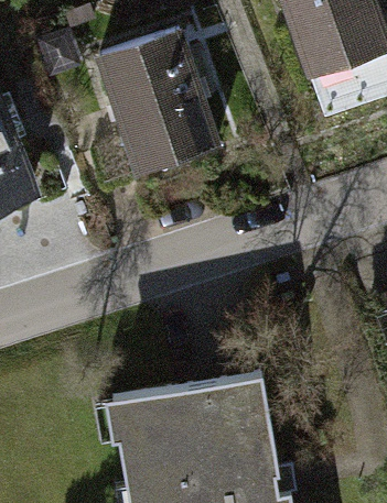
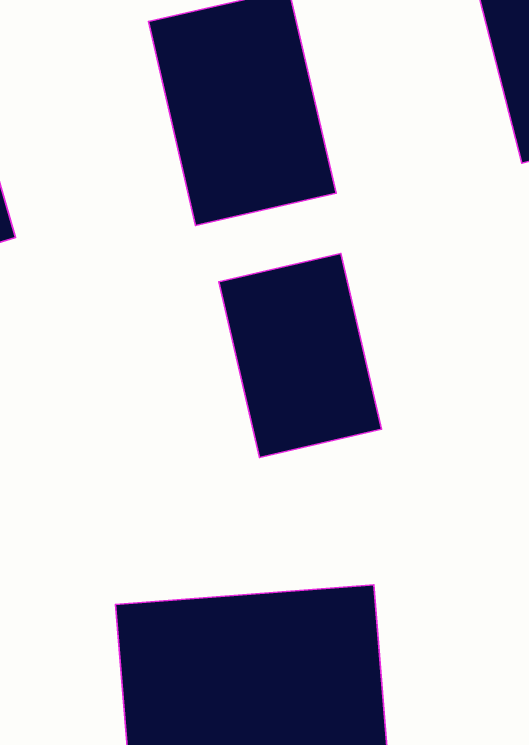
building: none -> [219,253,382,458]

